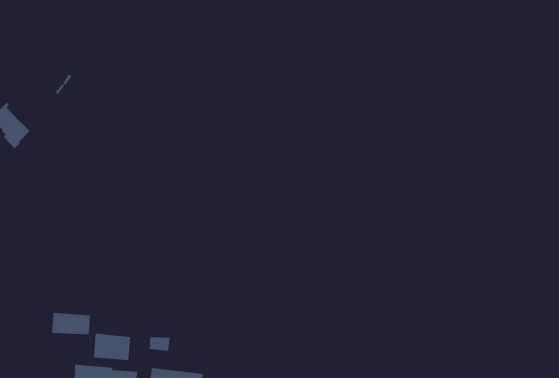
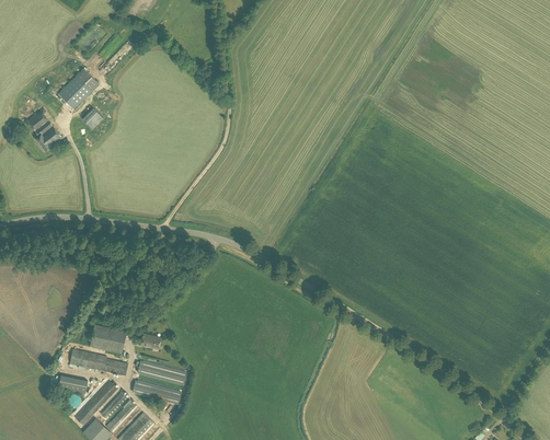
building: none -> [57,68,98,108]
building: [52,312,90,335] -> none

